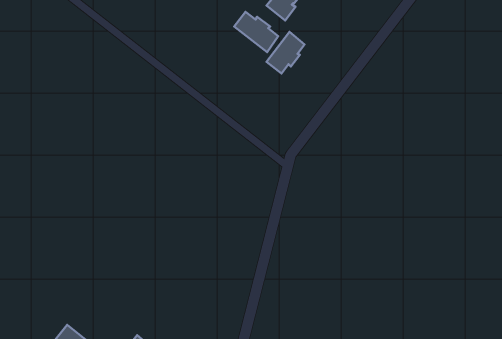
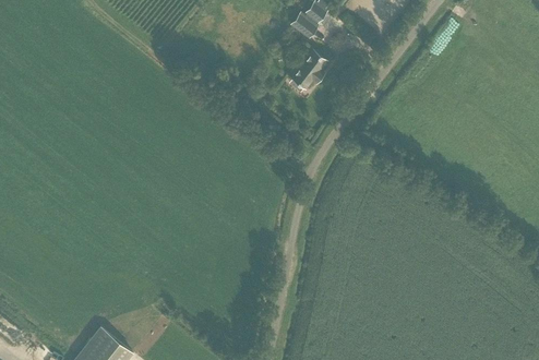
building: [234,12,278,52] -> none

